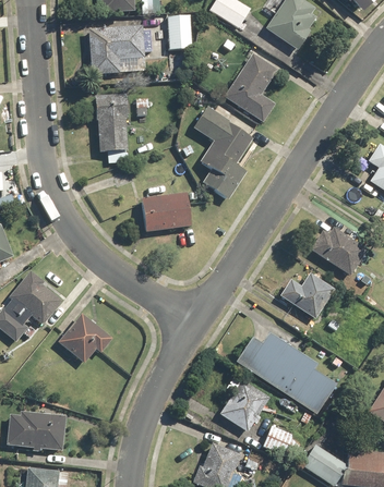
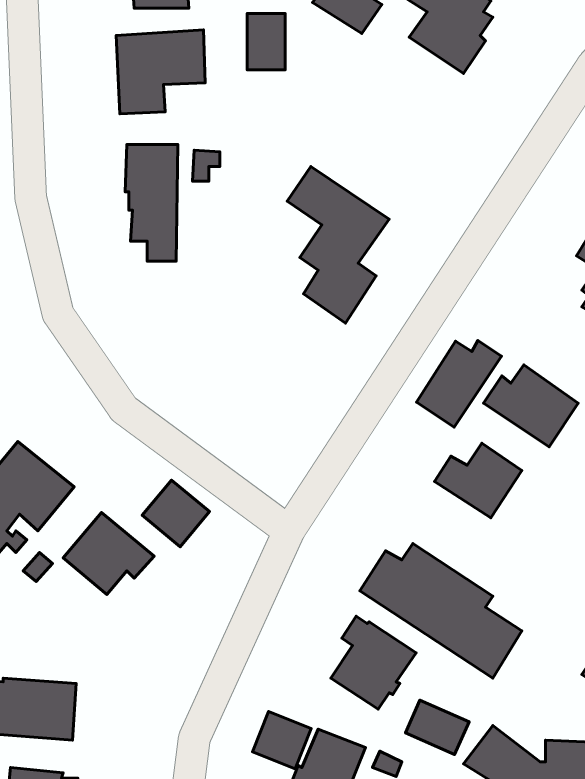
building: [225,53,277,123] -> none
building: [143,193,192,231] -> none
building: none -> [416,341,502,427]
building: none -> [142,480,210,547]
building: none -> [252,711,311,769]

